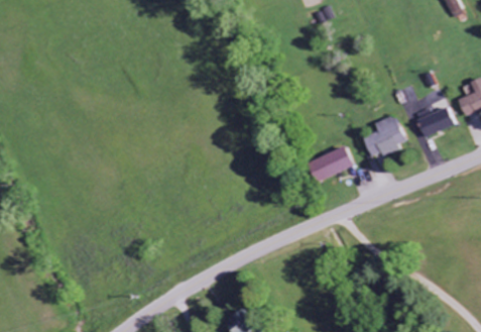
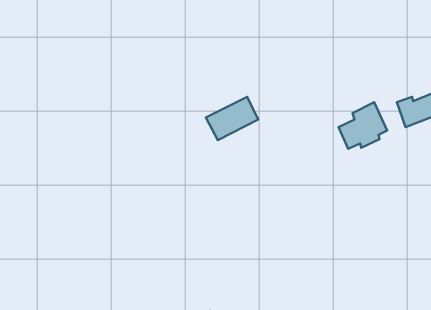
building: [306,144,354,185] -> [206,97,258,140]

